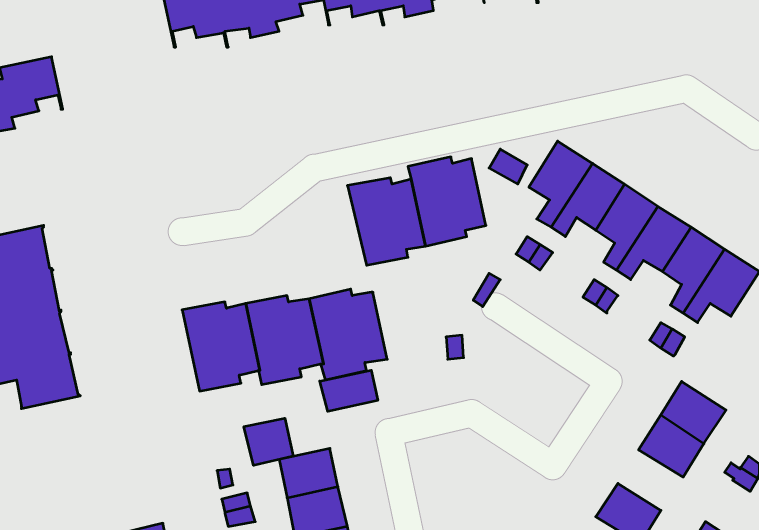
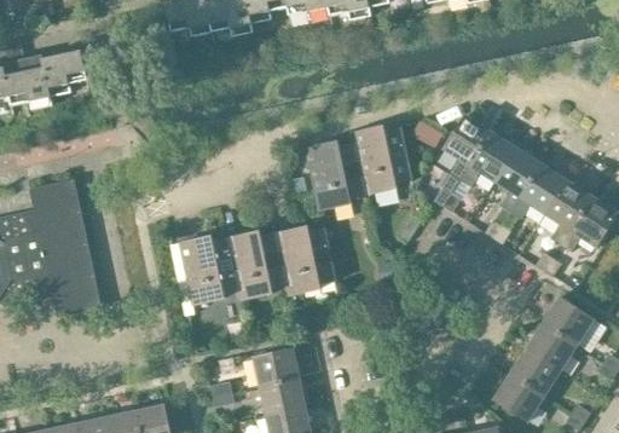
building: [320,370,378,411] -> none
building: [244,418,293,465] -> none
building: none -> [510,348,560,394]

